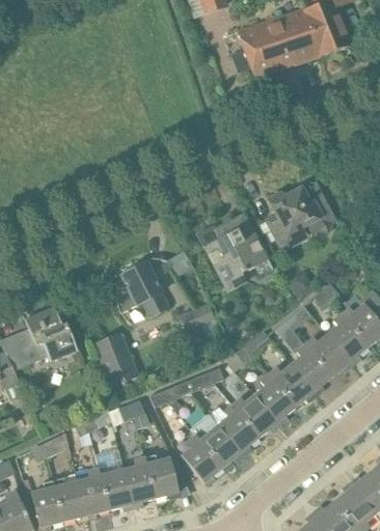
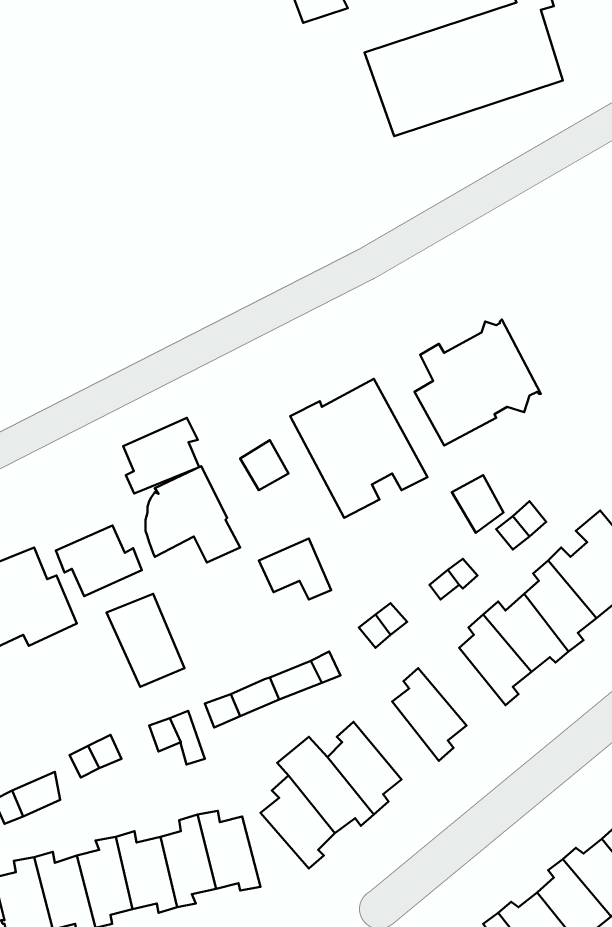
building: none -> [123,418,199,494]
building: none -> [56,526,142,596]
building: [268,363,317,407] -> none
building: [232,393,279,437] -> none

